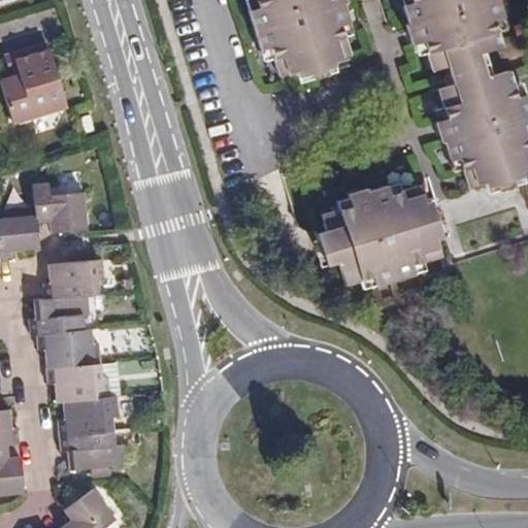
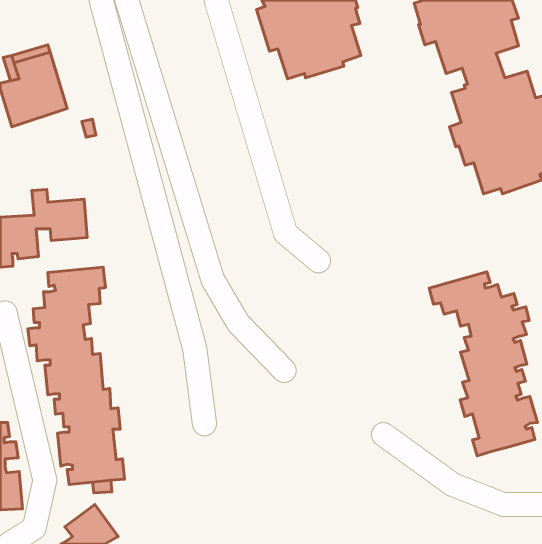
building: [318,183,443,285] -> none
building: none -> [429,272,537,456]

